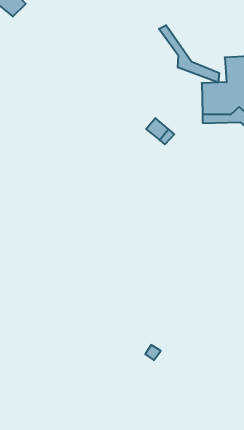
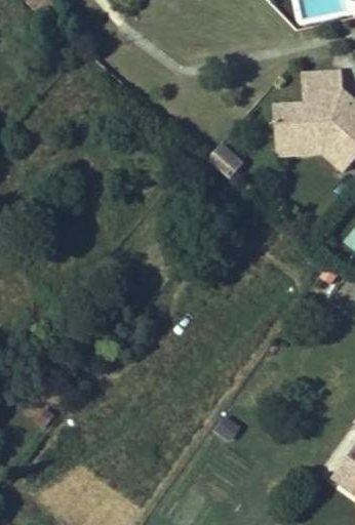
building: [159,25,219,82] -> none

